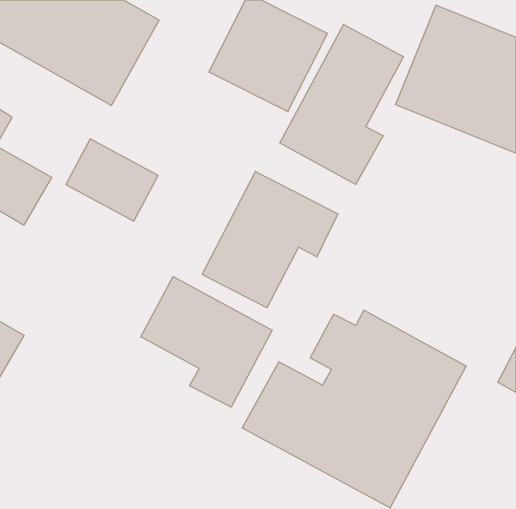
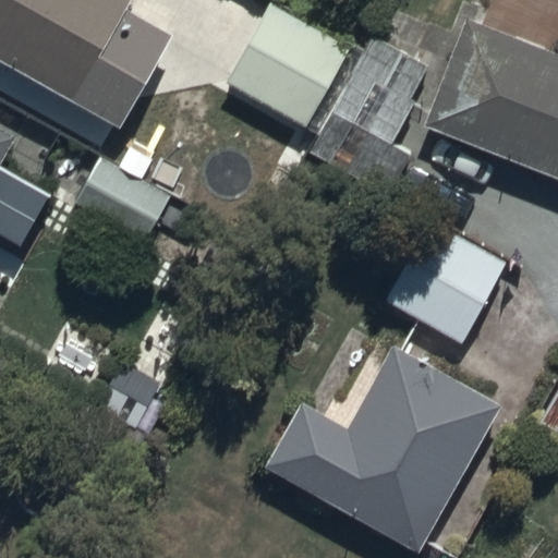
building: [202,171,338,308] -> none
building: none -> [379,219,509,351]
building: [141,277,272,407] -> none

